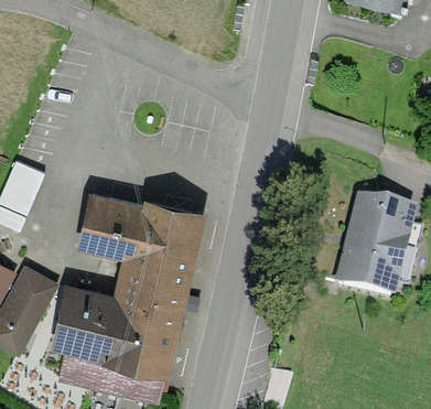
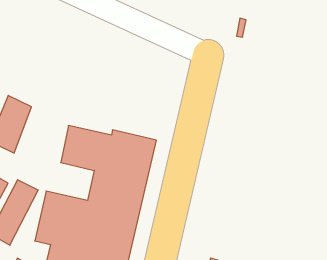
building: [338,195,407,289] -> none

